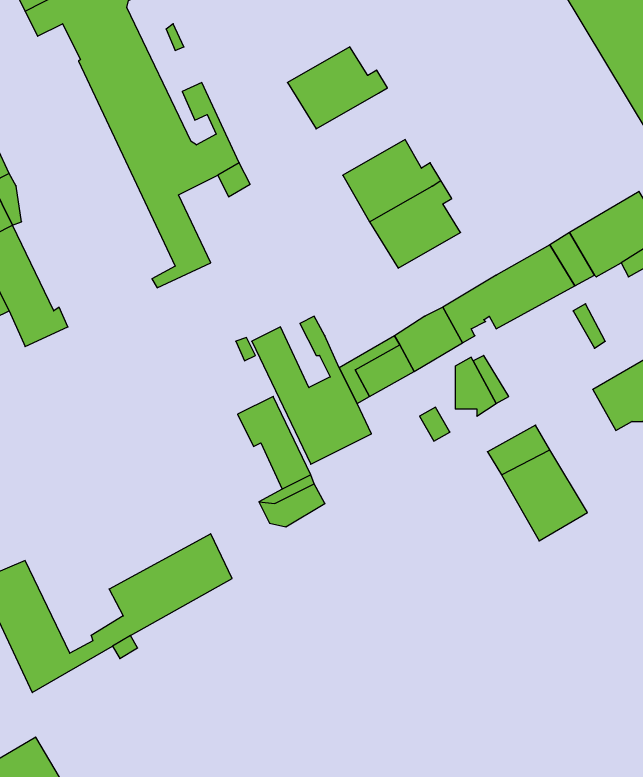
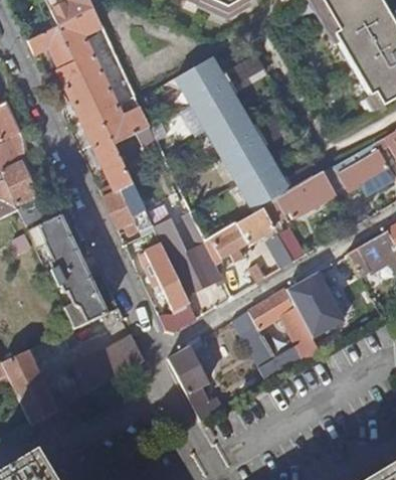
building: none -> [191,83,241,132]
building: none -> [237,164,292,211]
building: none -> [102,181,140,228]
building: none -> [27,214,106,327]
building: none -> [231,288,319,380]
building: none -> [168,345,212,420]

